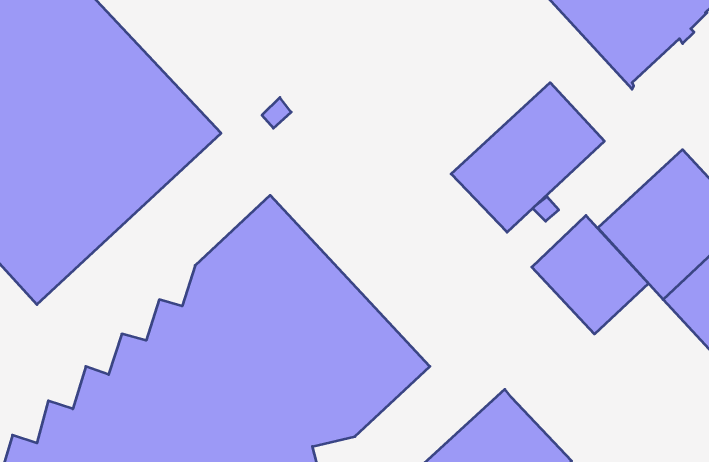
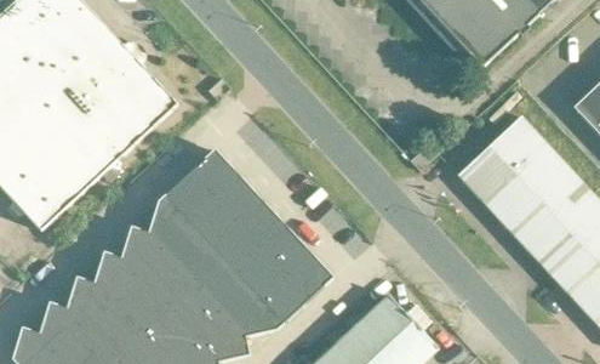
building: [451,83,604,232] -> none
building: [532,215,649,334] -> none

